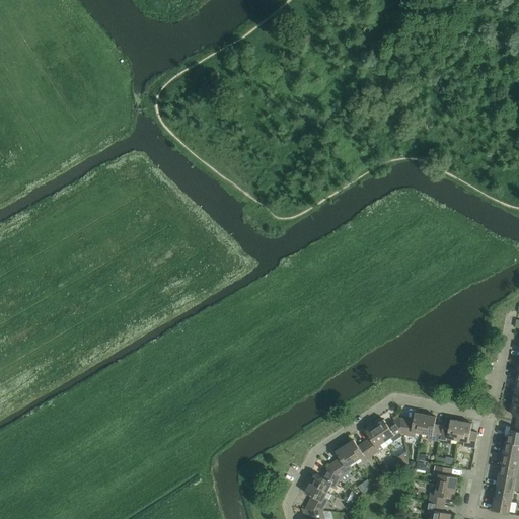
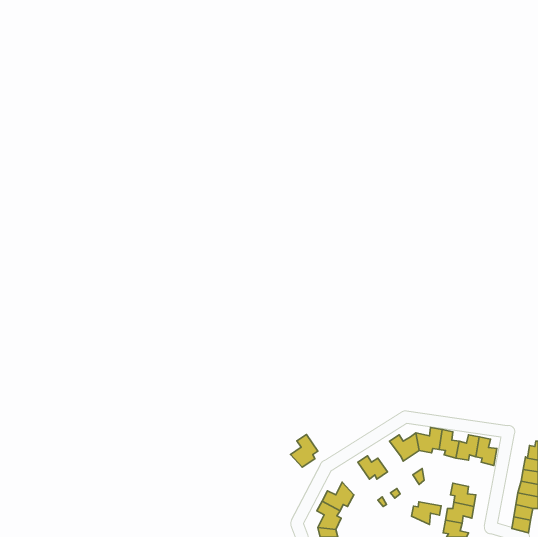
building: [364,425,388,454] -> none
building: [329,445,356,476] -> [291,434,318,467]
building: none -> [412,502,441,524]

